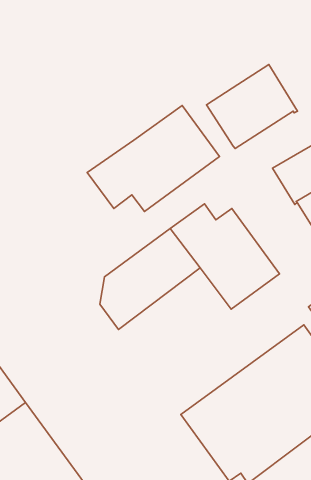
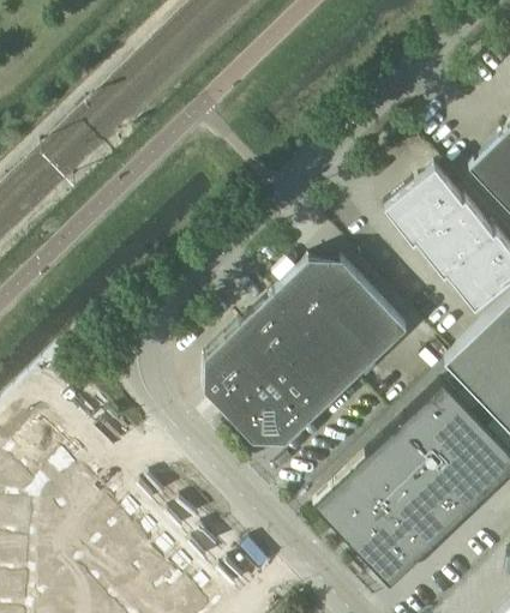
building: [207,64,297,148] -> none
building: [87,106,220,212] -> none
building: none -> [229,336,356,446]

